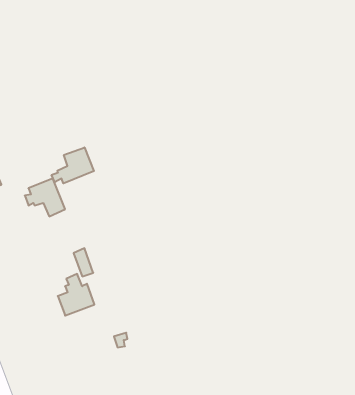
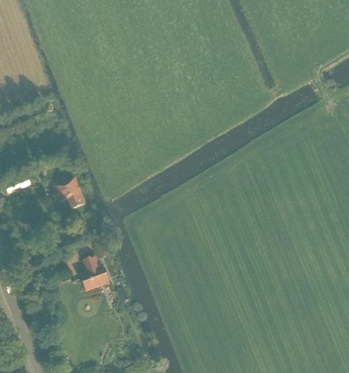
building: [52,147,94,183] -> none

